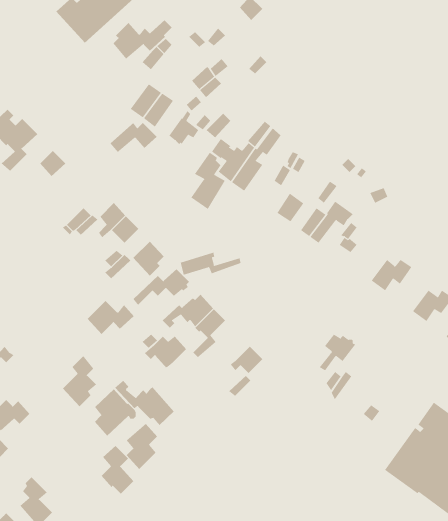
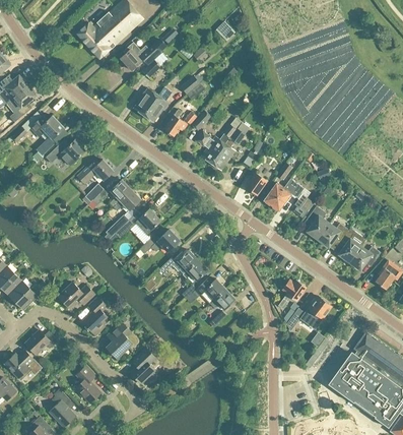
building: [110,122,157,153] -> [77,161,114,184]
building: [191,152,226,210] -> none
building: none -> [307,206,330,240]
building: [180,251,241,276] -> none
building: none -> [338,230,361,263]
building: [87,300,135,335] -> [58,283,94,309]
building: [144,336,187,369] -> [193,279,225,305]
building: none -> [301,297,331,328]
building: [114,380,174,426] -> none
building: [101,445,134,494] -> [75,366,100,403]

